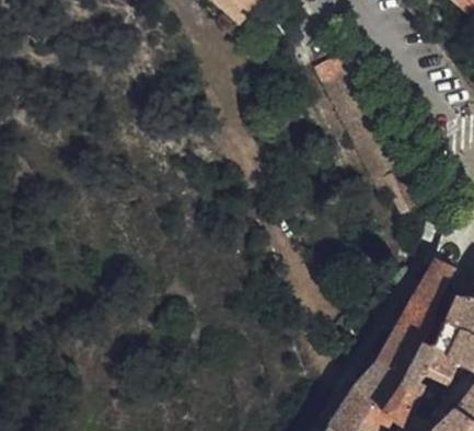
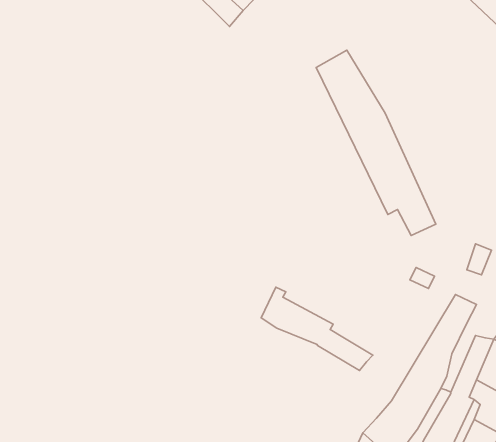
building: none -> [261,287,373,370]

